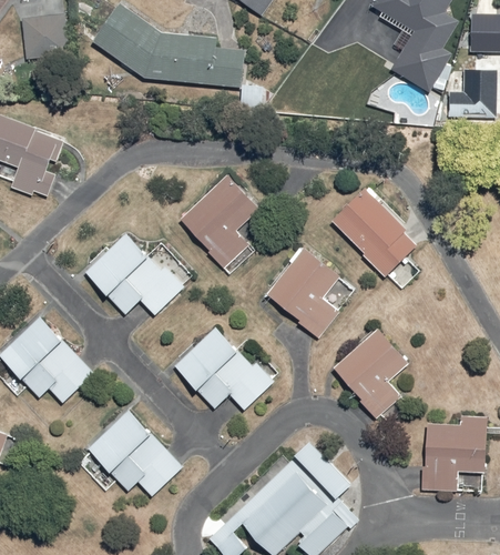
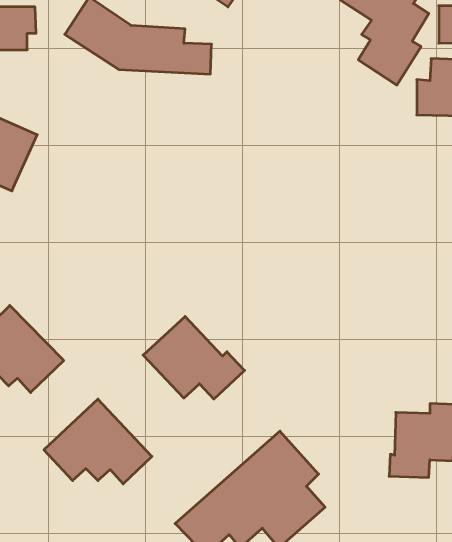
building: [180,173,259,269] -> none
building: [331,185,422,287] -> none
building: [86,232,183,314] -> none
building: [264,248,354,336] -> none
building: [331,327,409,420] -> none

